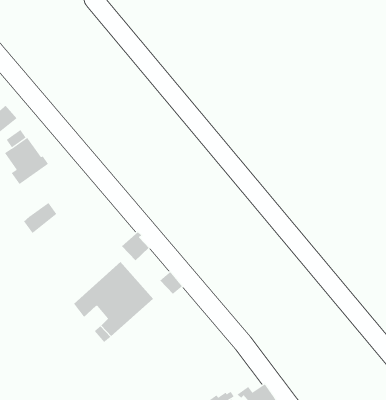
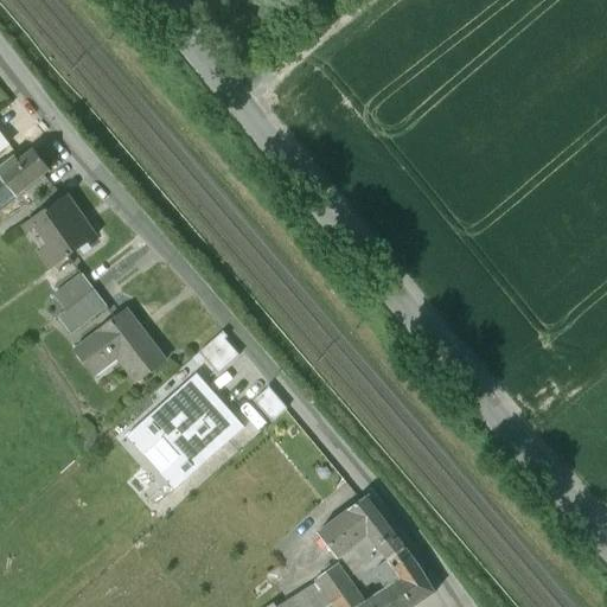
building: none -> [53,273,95,309]
building: none -> [75,308,165,383]
building: none -> [315,496,403,560]

